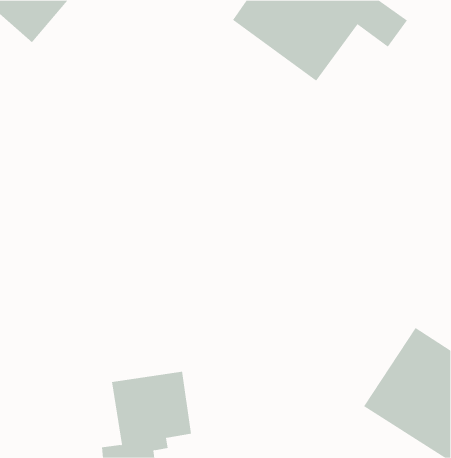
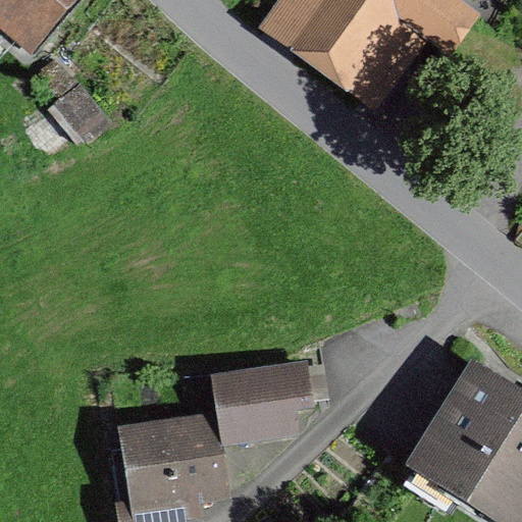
building: none -> [215,368,302,442]

